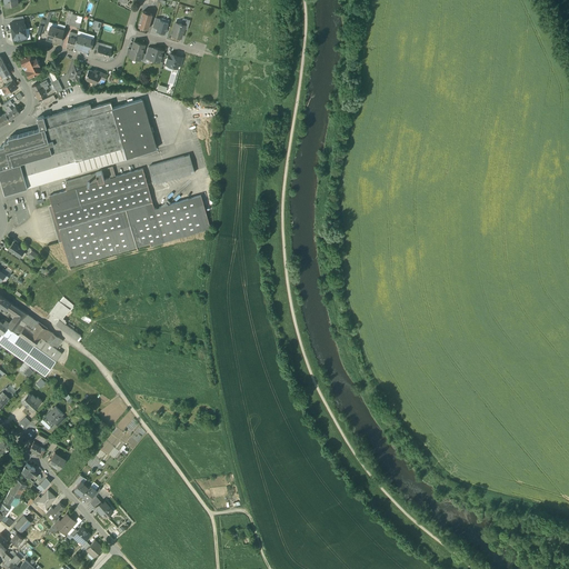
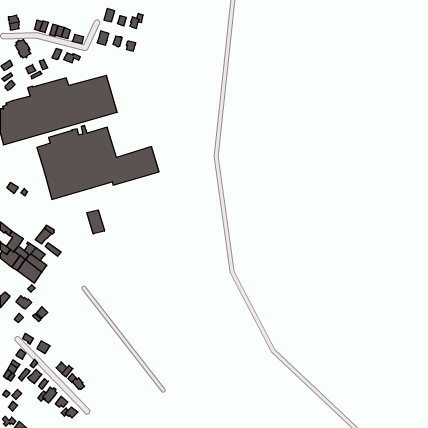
building: [149,154,194,183] -> none
building: none -> [87,210,105,234]

